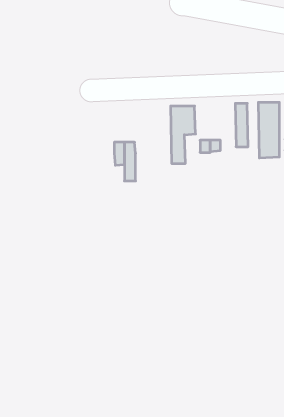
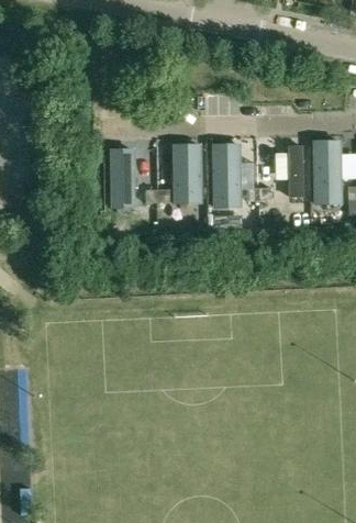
building: none -> [173,144,192,203]
building: none -> [105,148,133,211]

